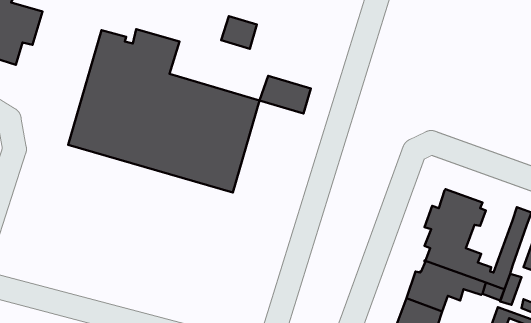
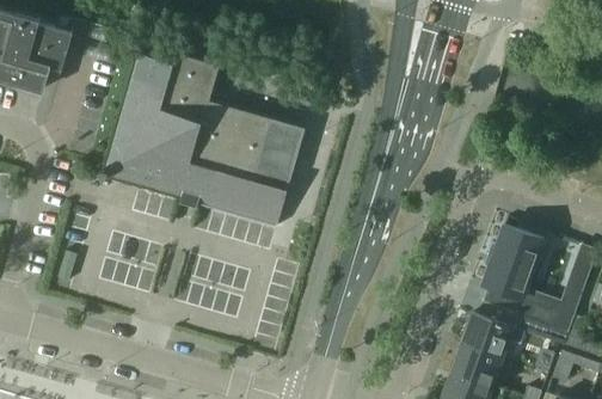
building: [221,16,257,49] -> none
building: [260,76,311,113] -> none

